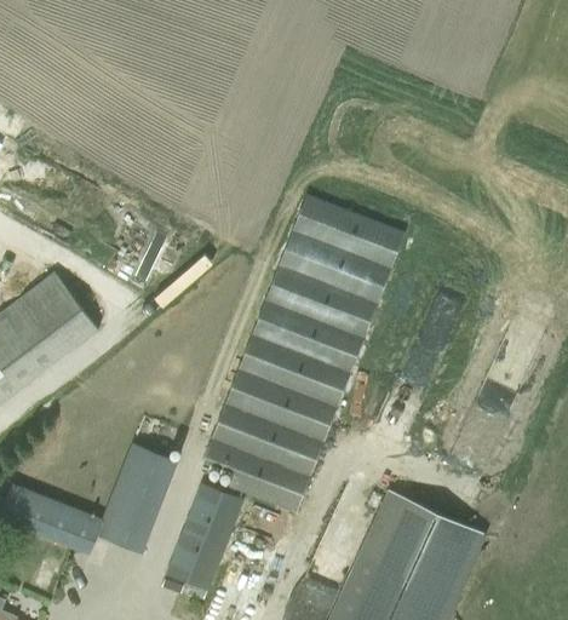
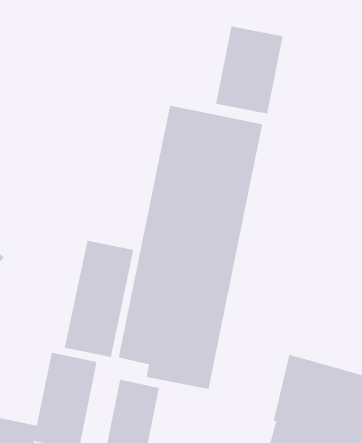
building: none -> [215,26,284,114]
building: none -> [64,240,134,358]

